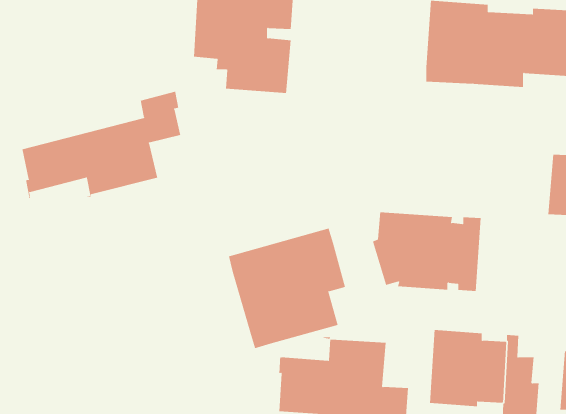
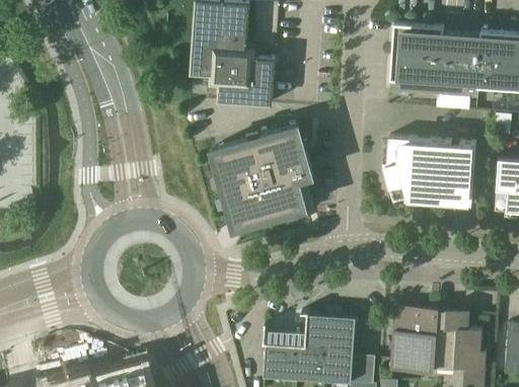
building: [22,91,181,199] -> none
building: [372,212,481,291] -> [384,139,477,207]
building: [228,228,346,349] -> [213,127,313,230]

